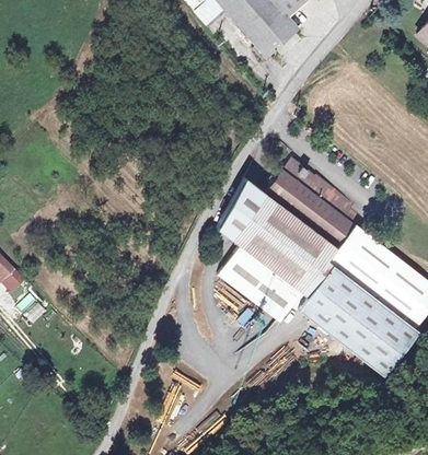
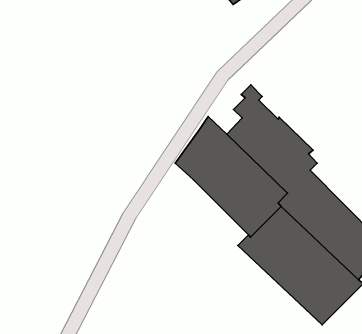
building: [211,245,298,323] -> none

